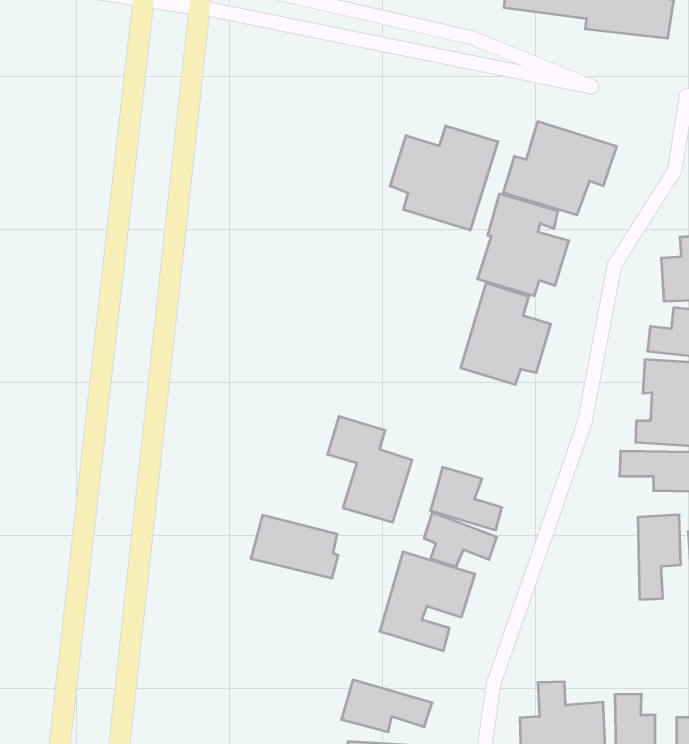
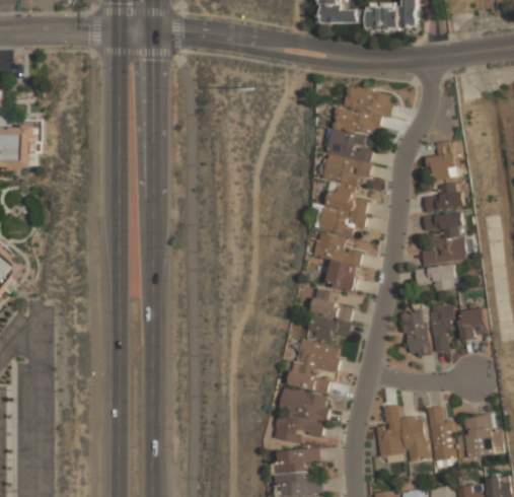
building: [390,126,498,230] -> none
building: [327,416,412,522] -> [312,233,361,290]
building: [251,515,338,578] -> [278,388,327,420]
building: none -> [402,306,430,357]

